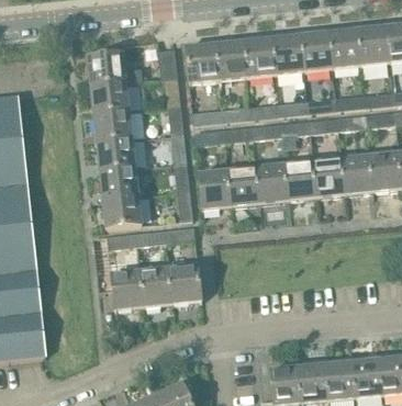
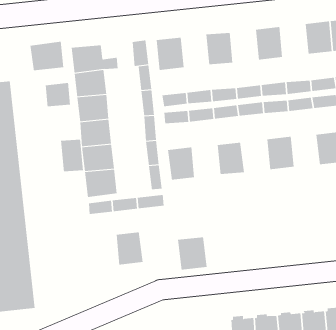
building: [327,29,359,67] -> none
building: [270,35,302,74] -> none
building: [214,41,245,79] -> none
building: none -> [30,41,64,71]
building: none -> [45,82,71,107]
building: [340,156,372,193] -> none
building: none -> [60,139,84,172]
building: [282,161,315,200] -> none
building: [226,168,258,205] -> none
building: [166,264,201,303] -> [177,237,208,270]
building: [110,271,142,309] -> none

